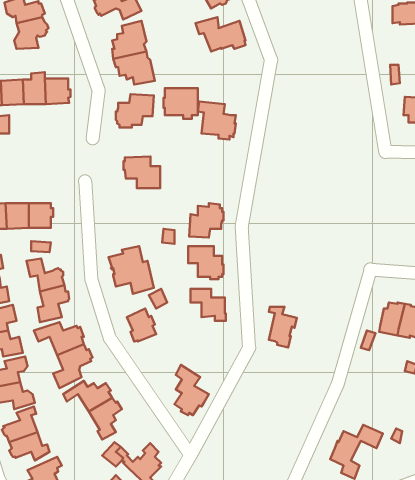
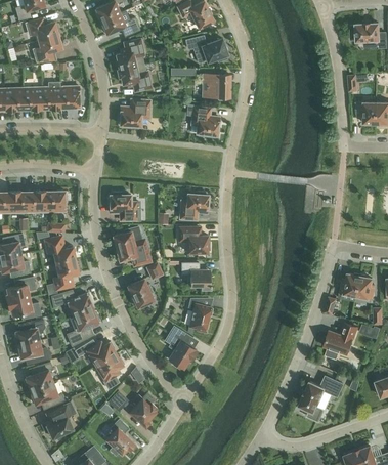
building: [164,88,198,119] -> [202,74,230,99]
building: [124,156,160,188] -> [109,194,139,220]
building: [269,307,297,347] -> [189,298,213,332]
building: none -> [321,323,357,358]

